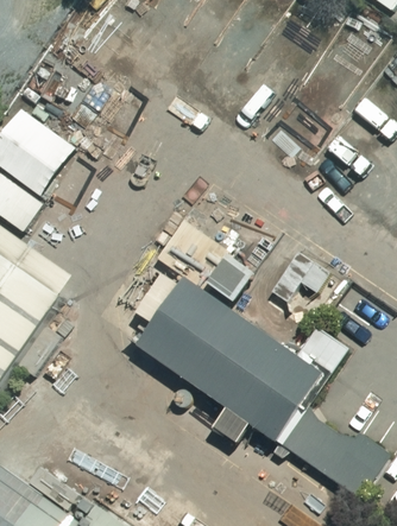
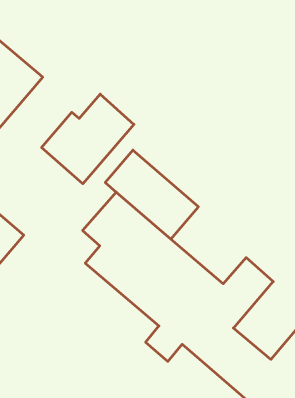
building: none -> [42,94,134,184]

